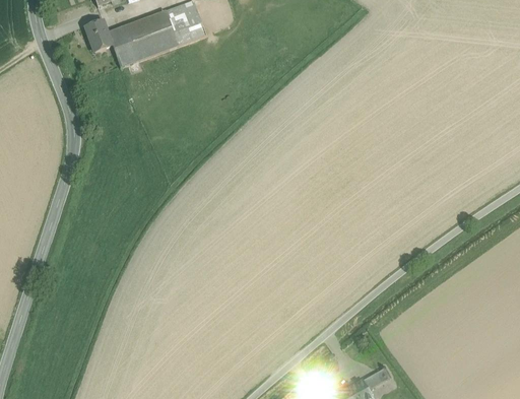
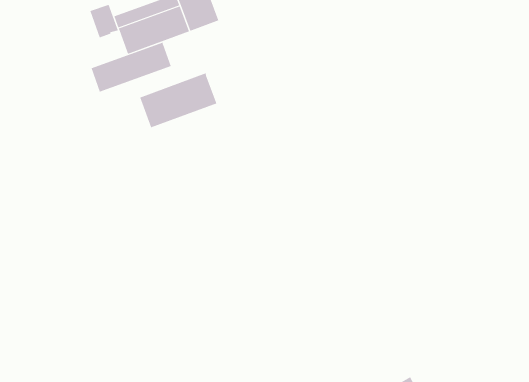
building: none -> [91,42,172,92]
building: none -> [140,73,217,128]

